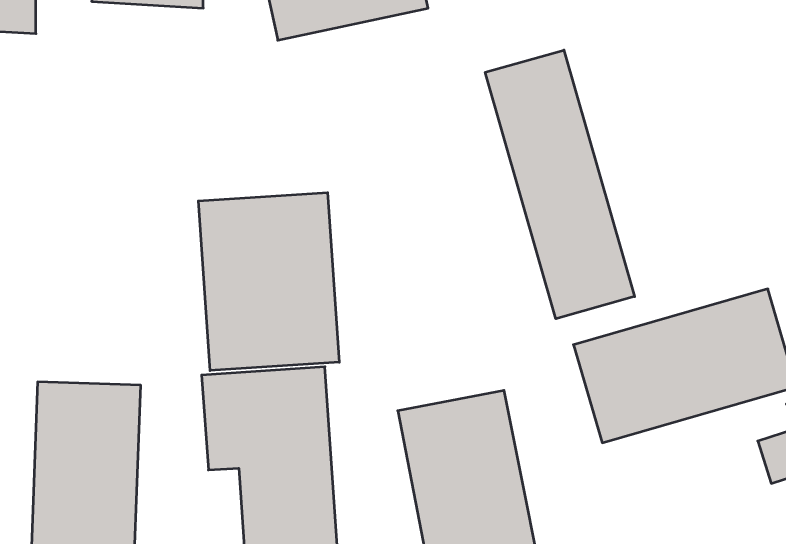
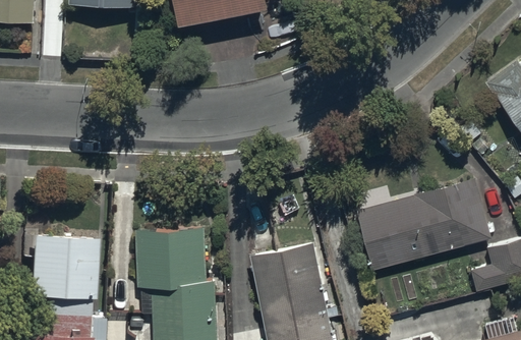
building: [485,50,635,319] -> none
building: [198,193,339,371] -> none

